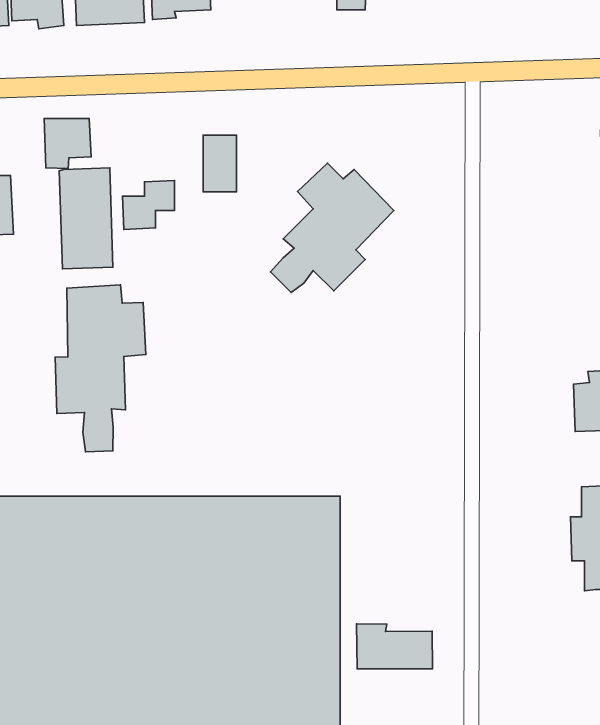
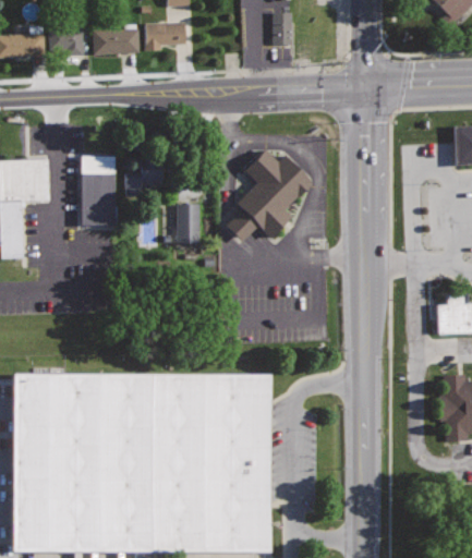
building: [44,118,91,169] -> none
building: [203,135,236,192] -> [176,206,198,245]
building: [55,285,146,452] -> none
building: [356,624,432,669] -> none

